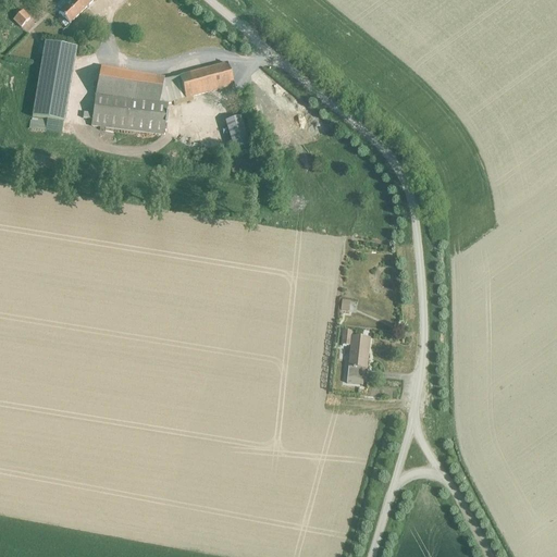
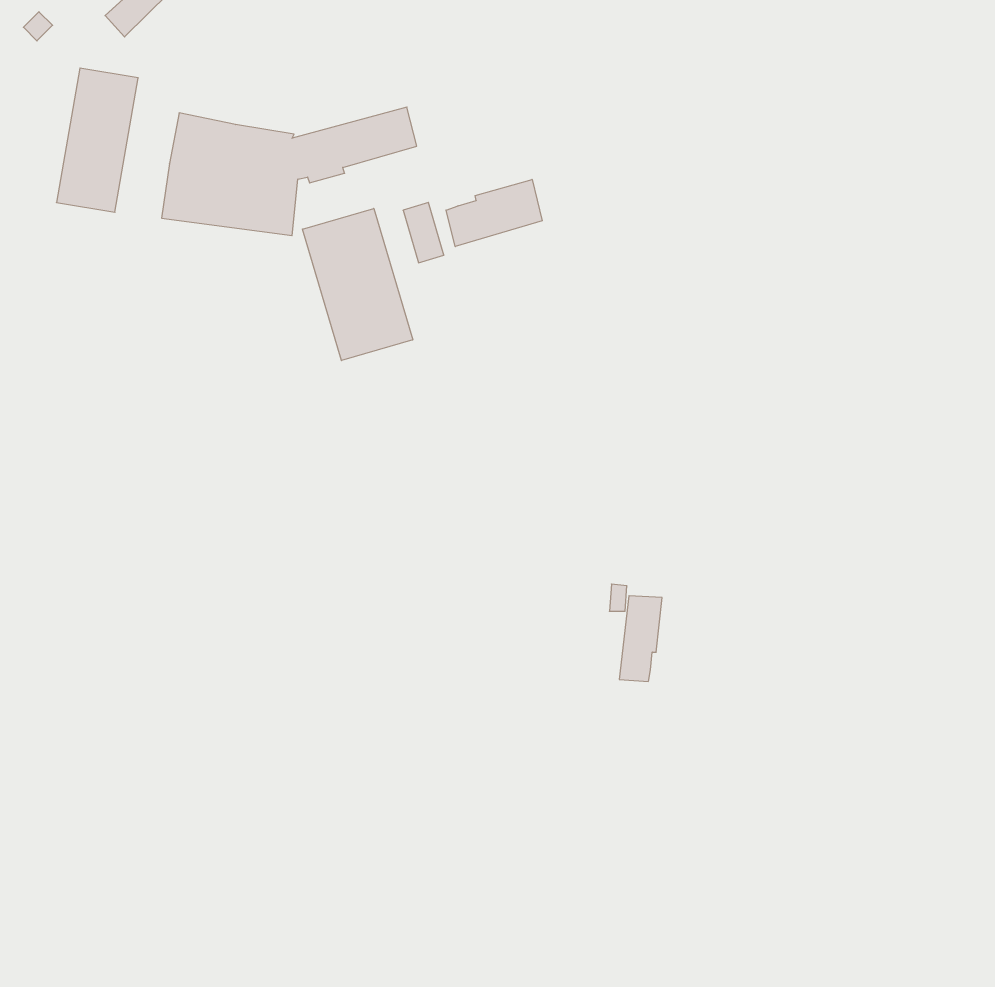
building: none -> [446,179,542,247]
building: none -> [302,208,413,361]

